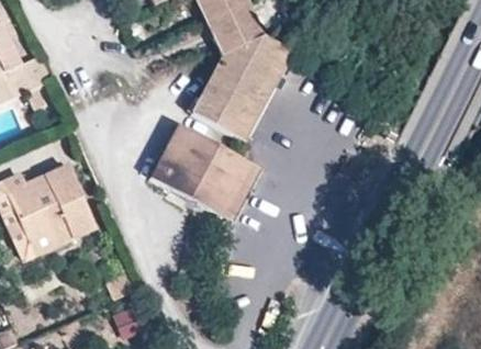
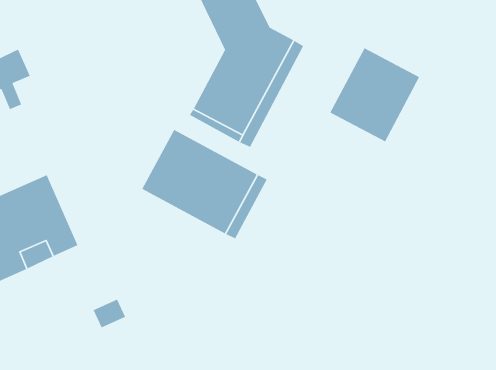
building: none -> [329,47,420,143]

